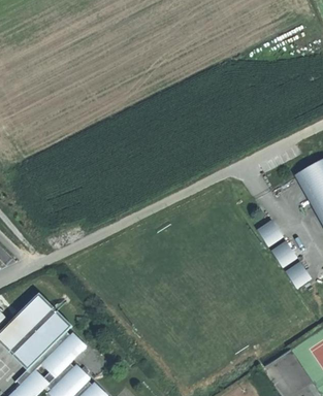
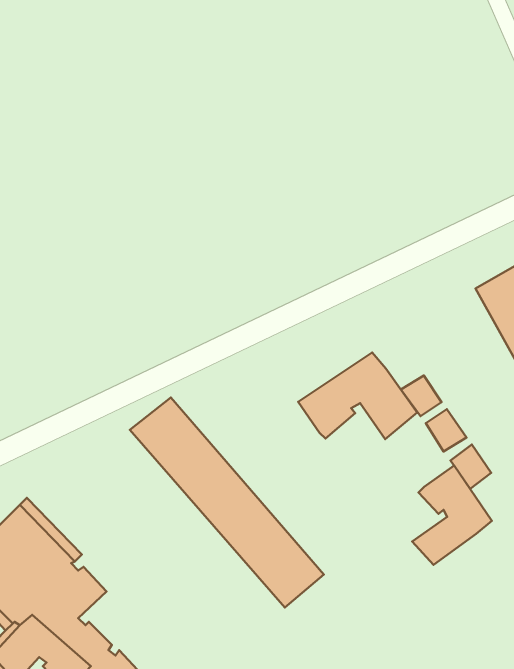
building: none -> [298,353,417,439]
building: none -> [130,397,324,607]
building: none -> [412,466,492,565]

